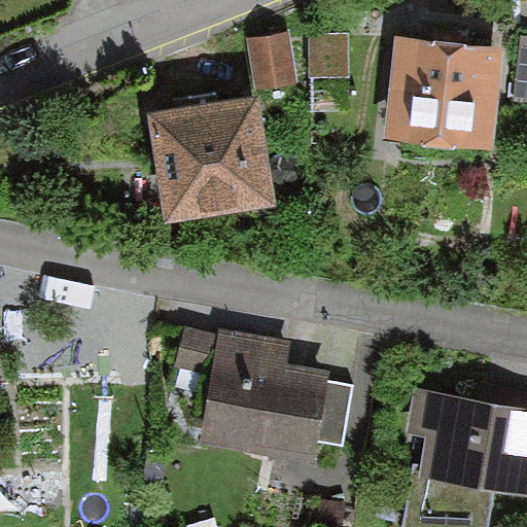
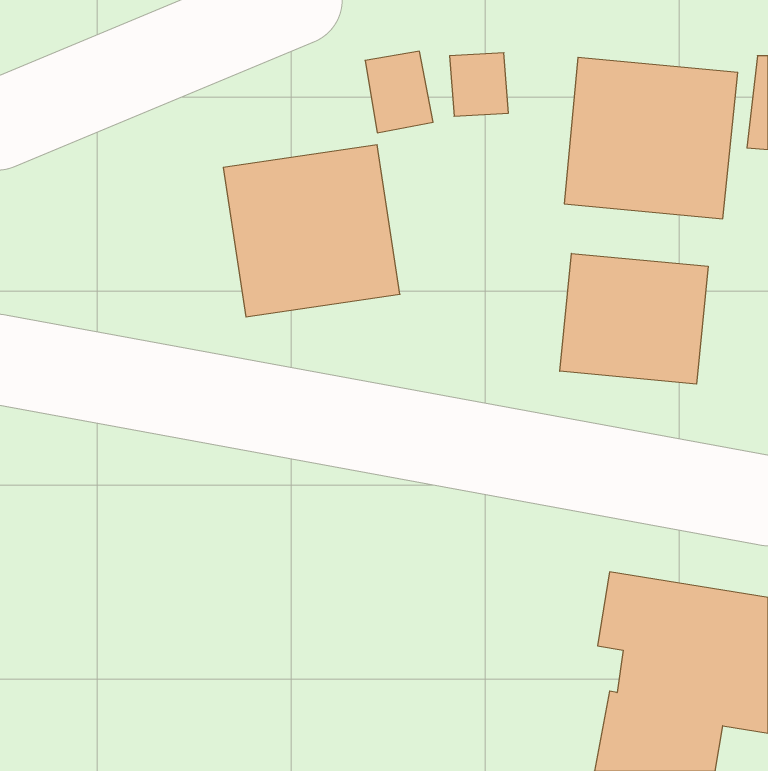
building: none -> [560,253,708,384]
building: [176,328,353,462] -> none

